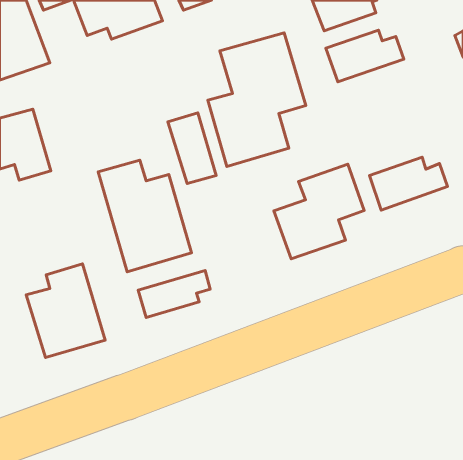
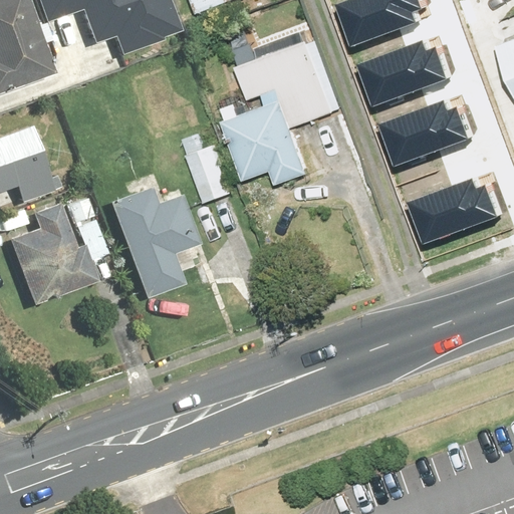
building: none -> [383,100,470,159]
building: [274,164,364,259] -> none
building: [26,264,105,358] -> [8,202,95,305]
building: [138,271,210,317] -> none

